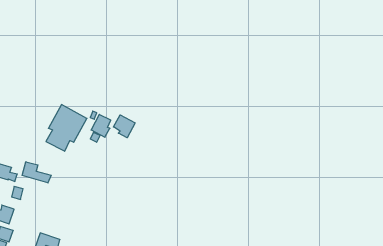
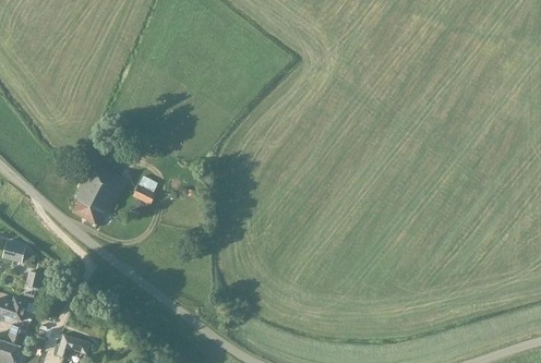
building: [113,115,135,138] -> none
building: [22,162,51,183] -> none

